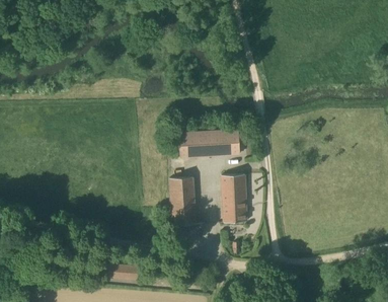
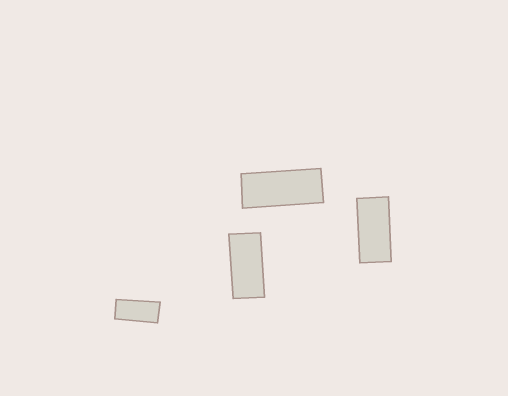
building: [222,173,247,222] -> [357,197,391,263]
building: [106,263,140,281] -> [115,300,160,323]

